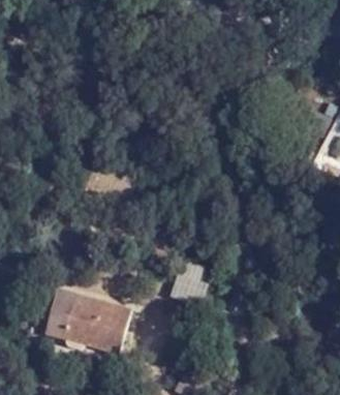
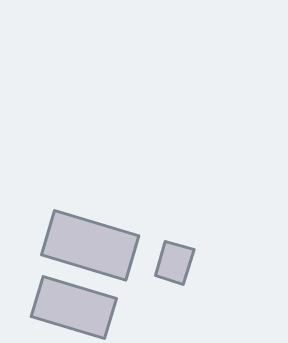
building: none -> [42,211,139,280]

